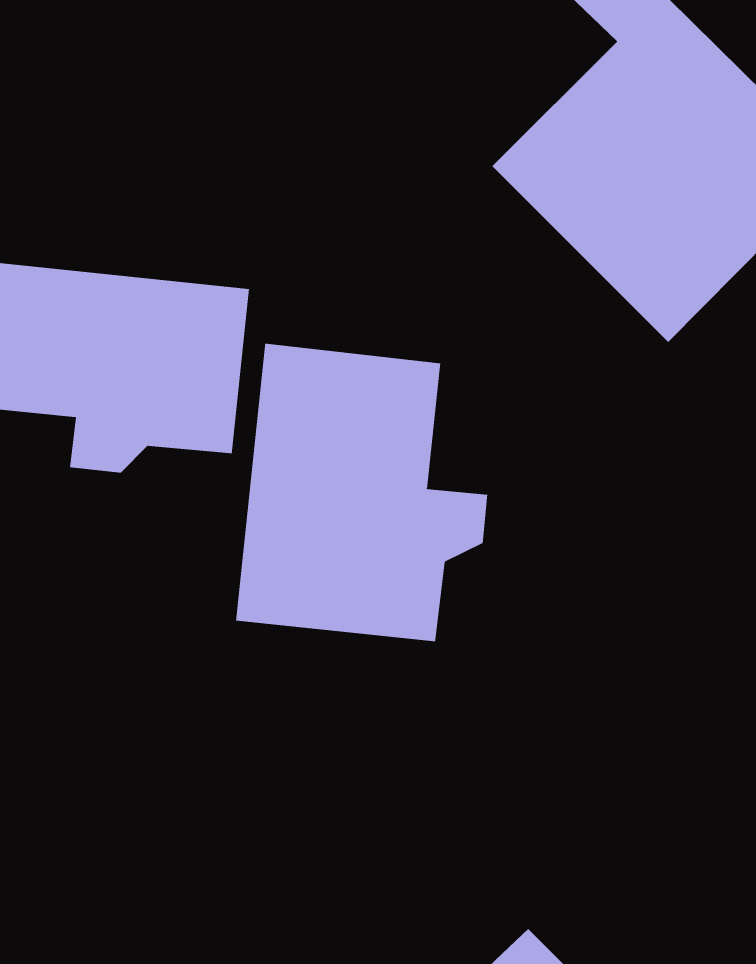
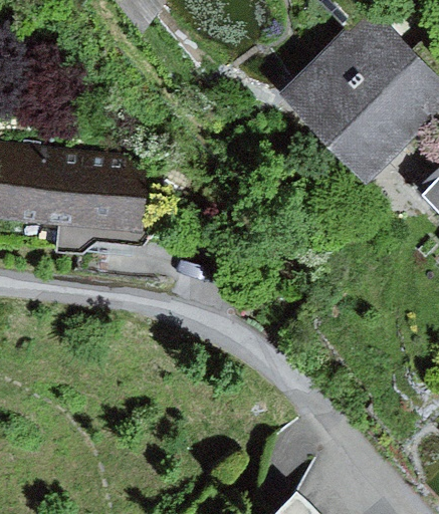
building: [236,343,488,642] -> none

